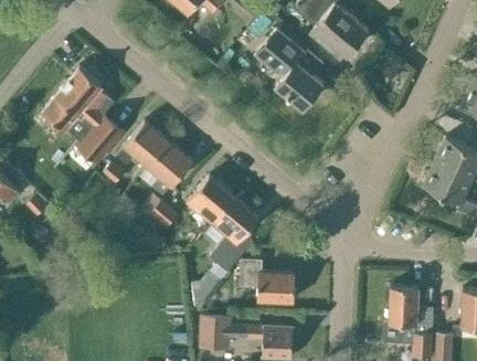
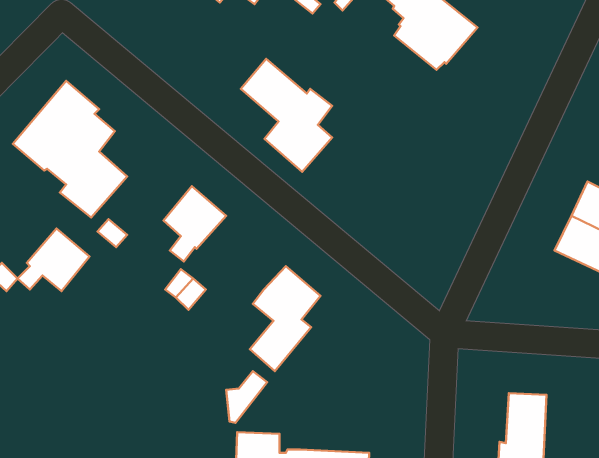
building: [259,30,324,109] -> [241,59,332,172]
building: [117,121,168,166] -> [17,228,90,291]
building: [187,177,234,224] -> none
building: [241,259,295,301] -> none

